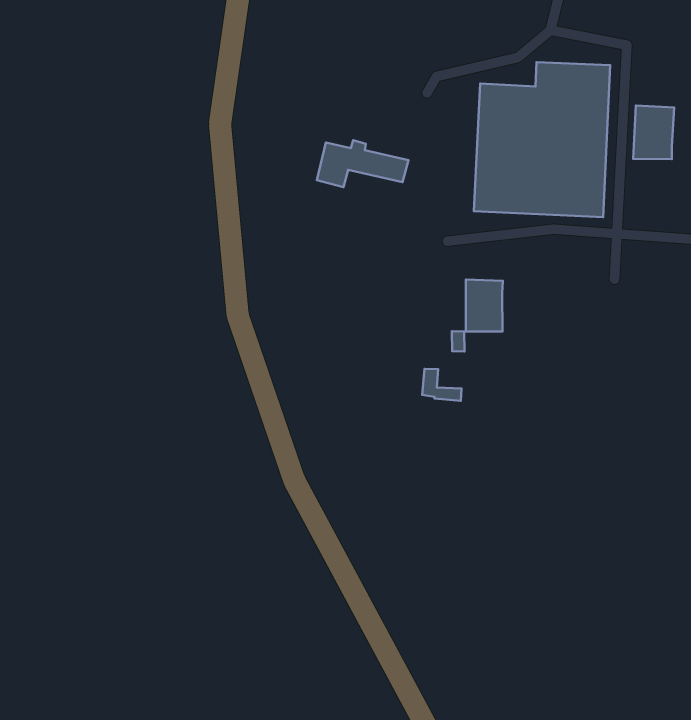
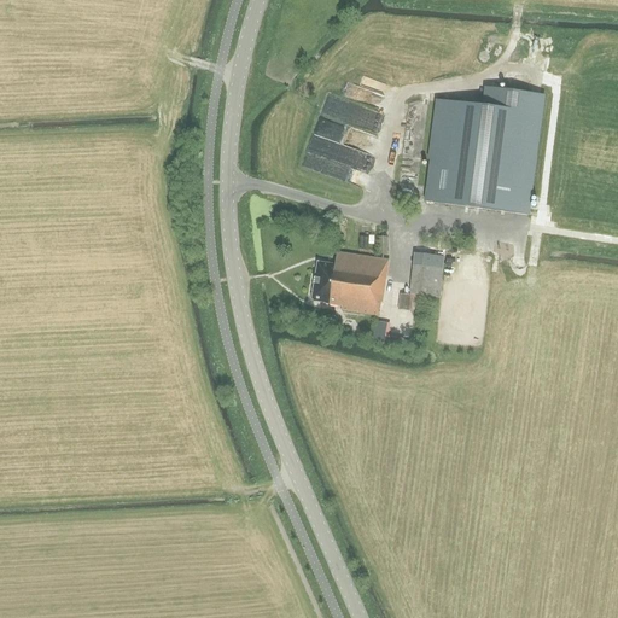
building: [633,105,674,159] -> none
building: none -> [311,250,389,313]

